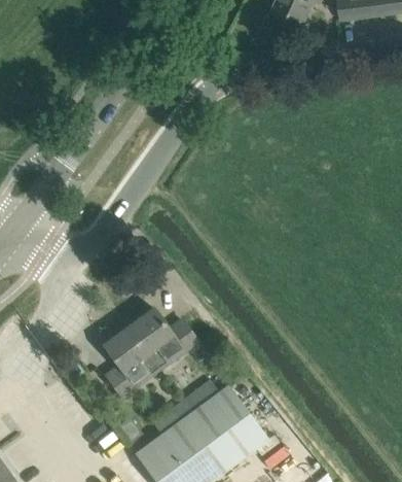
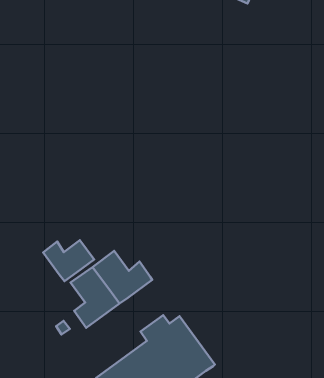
building: none -> [43,240,94,281]

